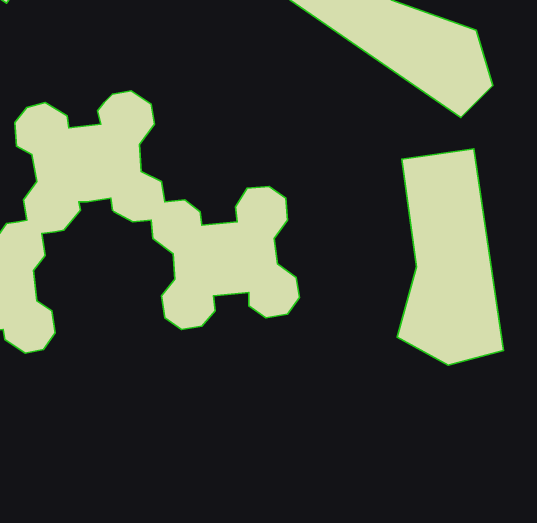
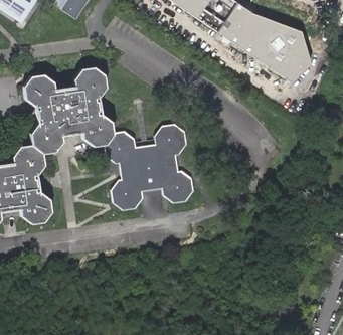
building: [397,149,504,365] -> none

